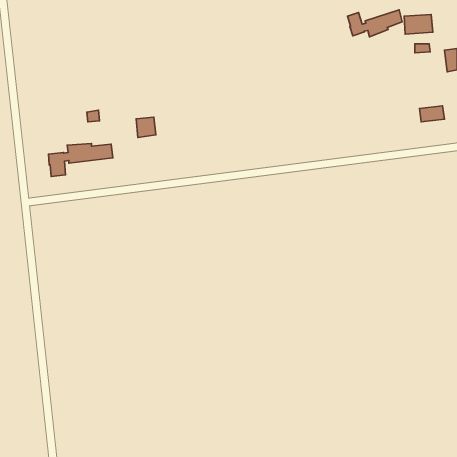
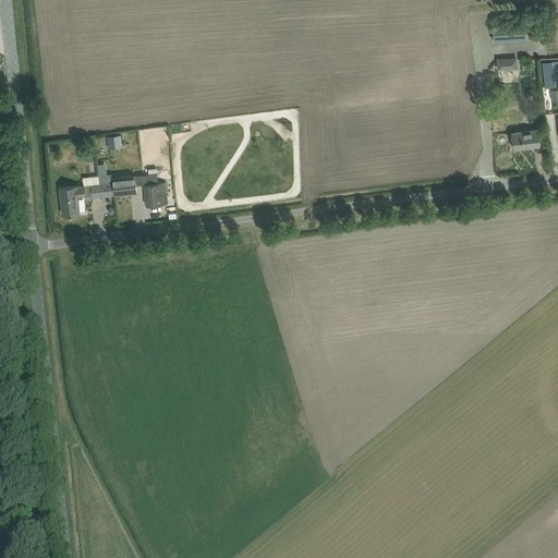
building: [347,10,402,37] -> none
building: [136,117,156,138] -> [143,182,167,207]

